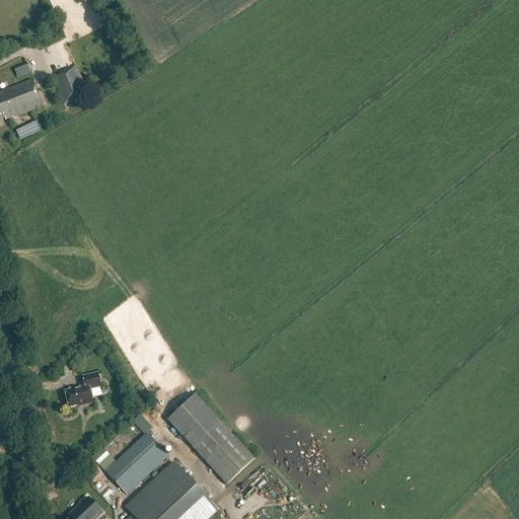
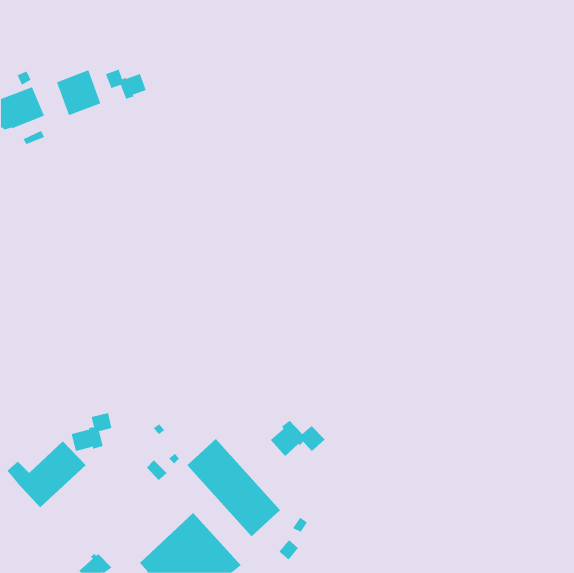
building: none -> [105,69,146,100]
building: none -> [270,420,325,457]
building: [96,434,168,495] -> [7,441,86,508]

